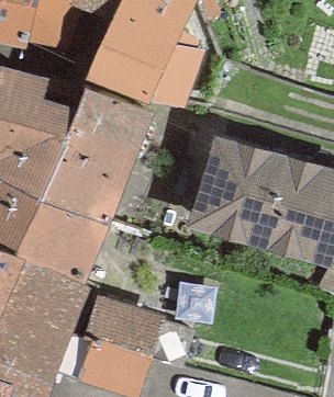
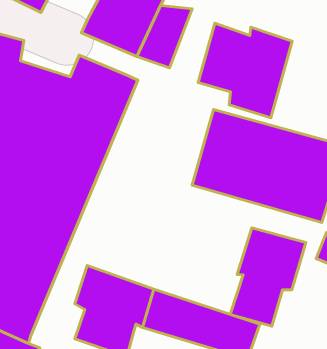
building: none -> [198,23,292,118]
building: none -> [230,228,306,326]

